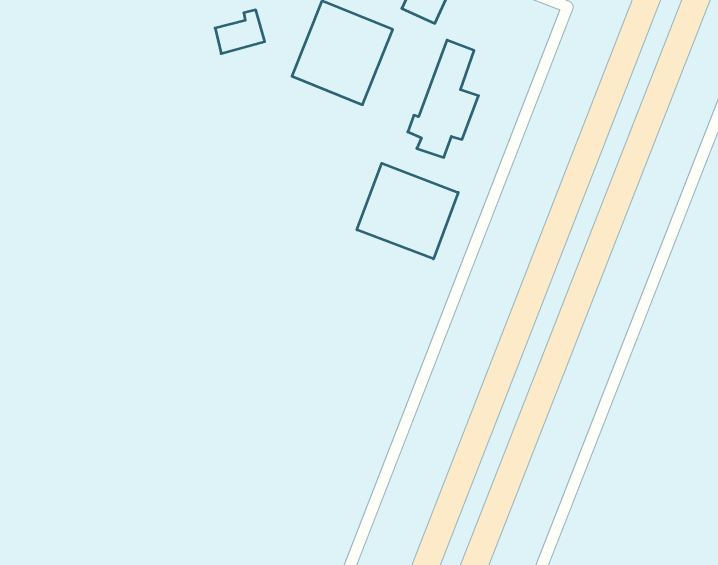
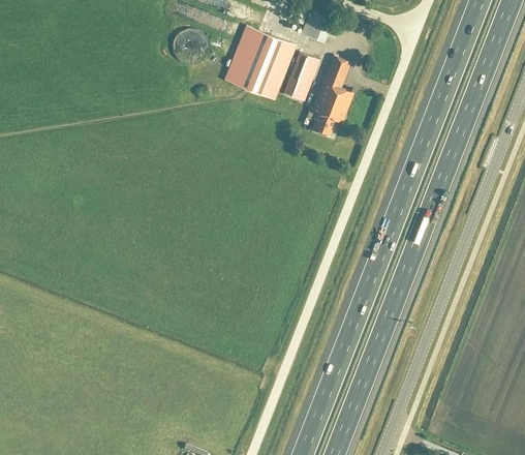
building: none -> [284,52,320,100]
building: [357,163,458,259] -> none

